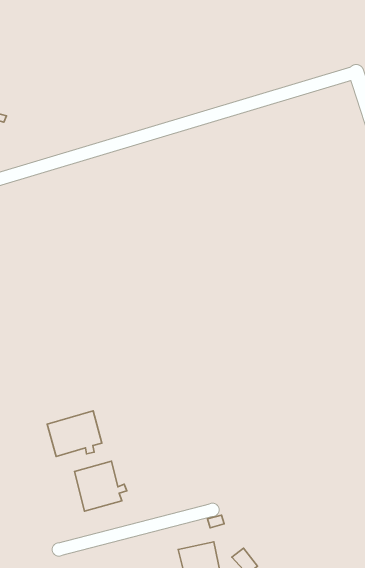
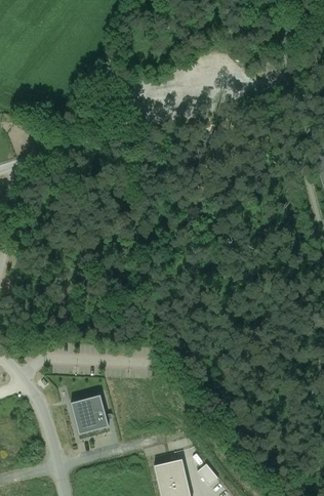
building: [47,411,102,456] -> none

